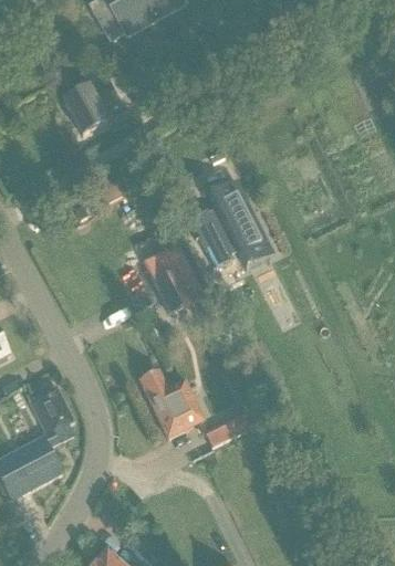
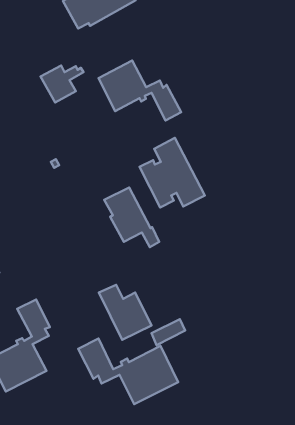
building: none -> [98,61,181,121]
building: none -> [78,339,178,404]

